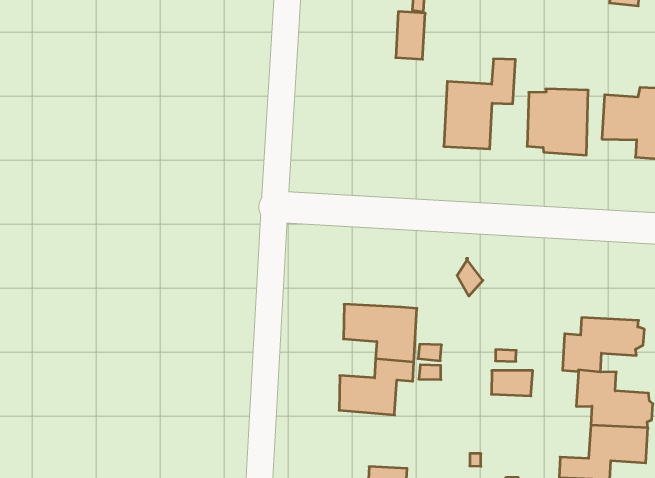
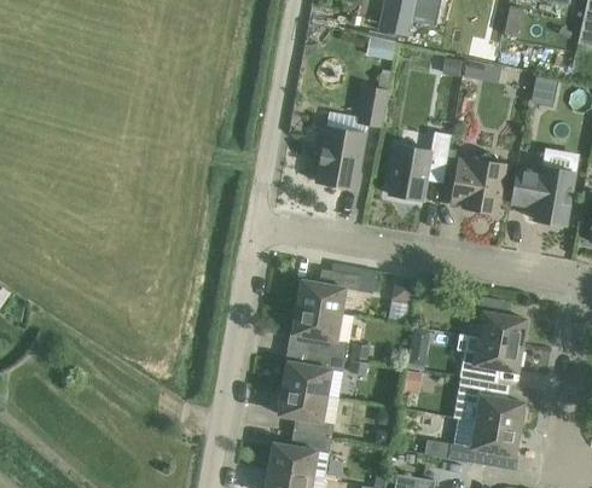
building: none -> [317,128,365,190]
building: none -> [297,272,359,315]
building: none -> [471,296,526,347]
building: none -> [277,389,338,440]

